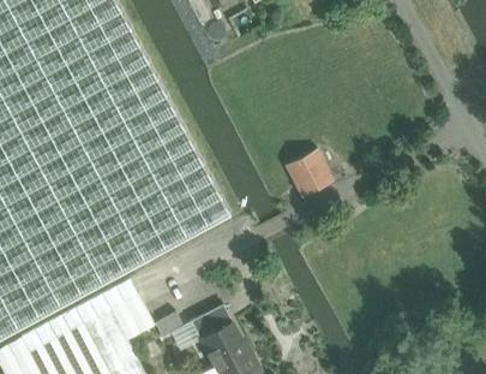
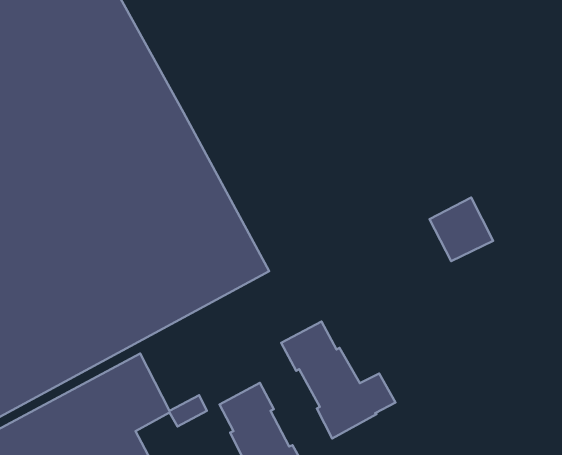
building: [284,149,334,198] -> [429,197,493,261]
building: none -> [281,322,395,439]

